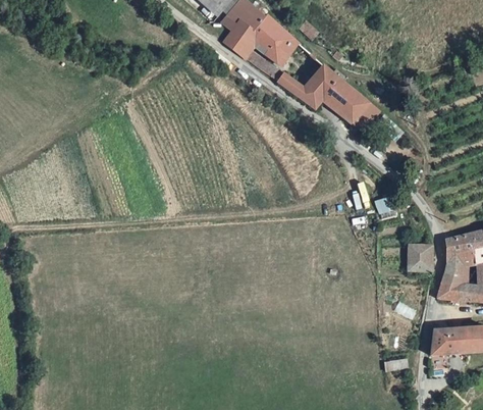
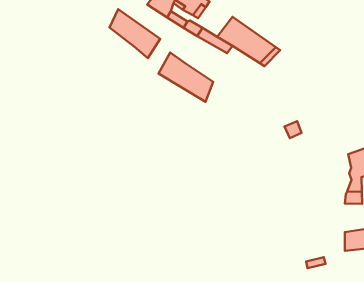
building: none -> [110,9,160,58]
building: none -> [159,52,213,102]
building: [406,244,433,269] -> none

